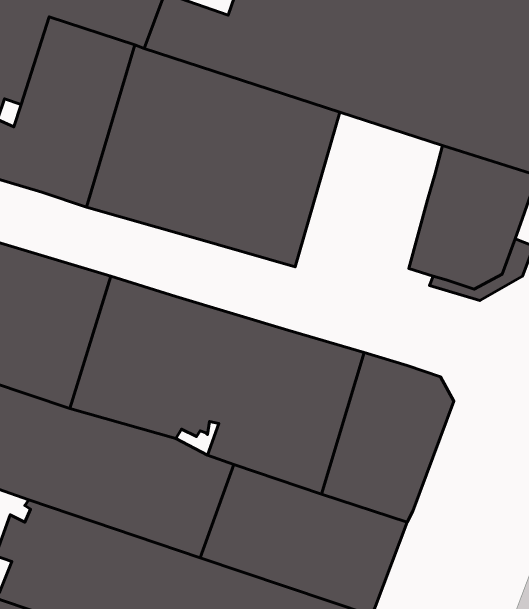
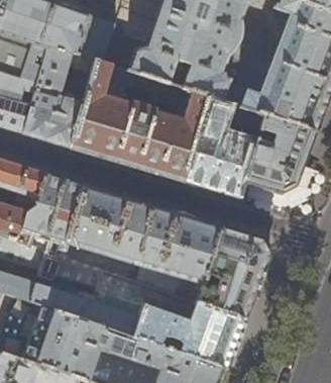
building: none -> [182,95,261,196]

